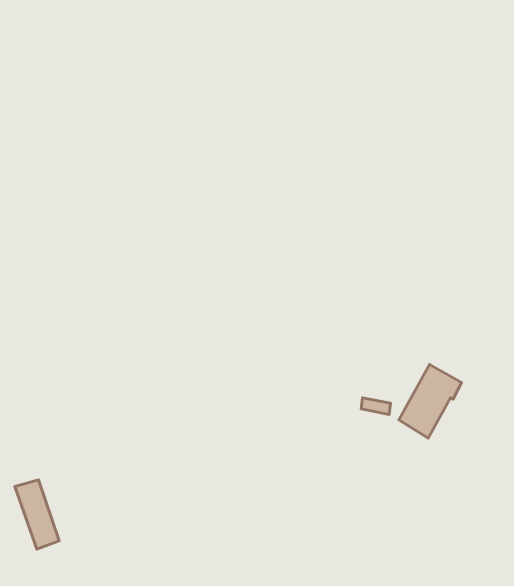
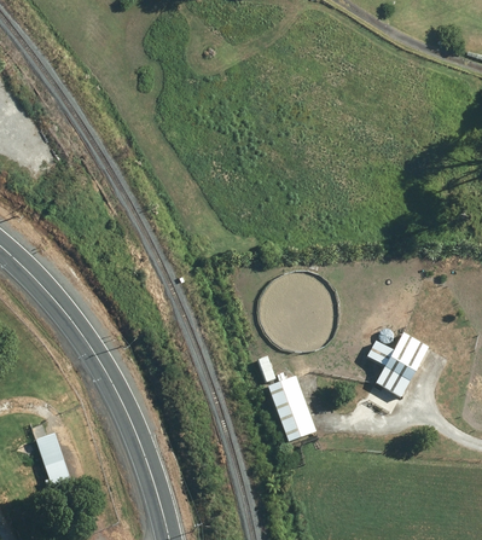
building: none -> [271,376,317,441]

